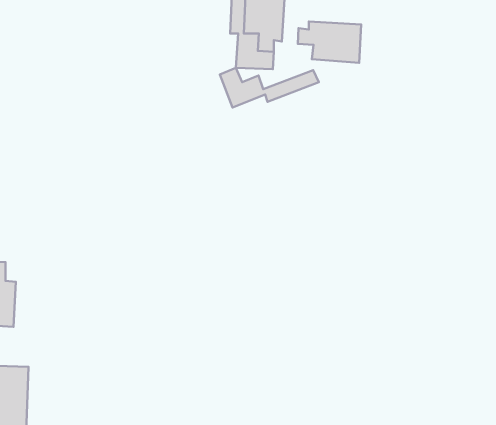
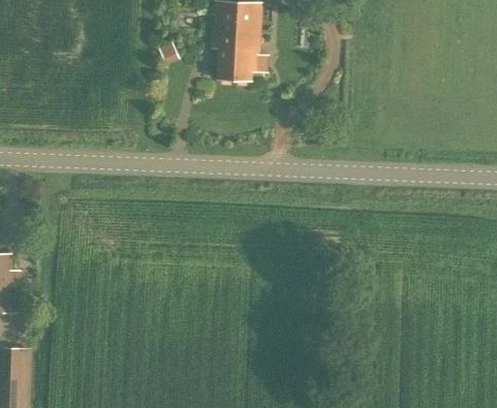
building: [298,21,361,63] -> none
building: [220,68,319,108] -> none

